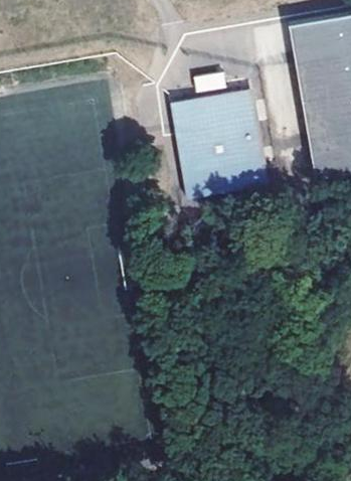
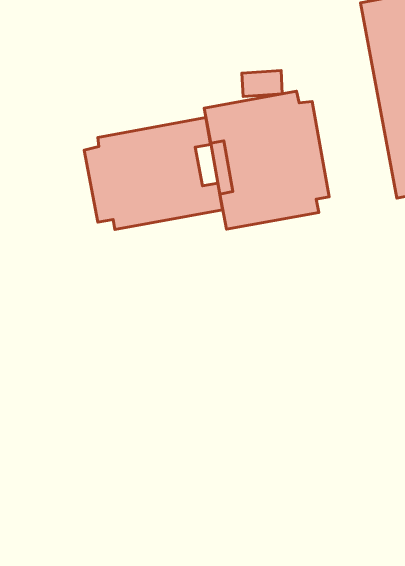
building: none -> [84,118,223,230]

